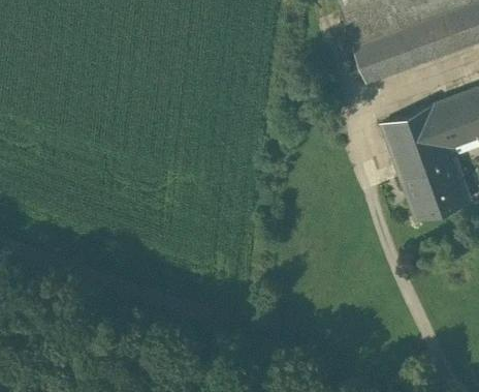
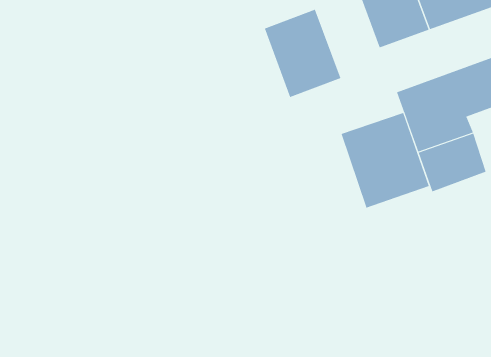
building: none -> [264,9,341,98]
building: none -> [341,112,430,208]

